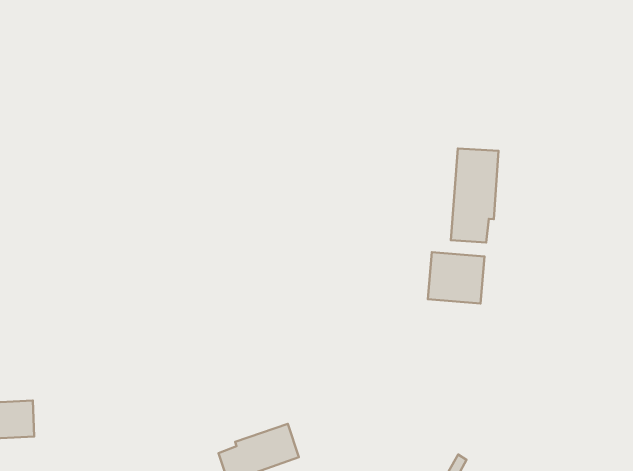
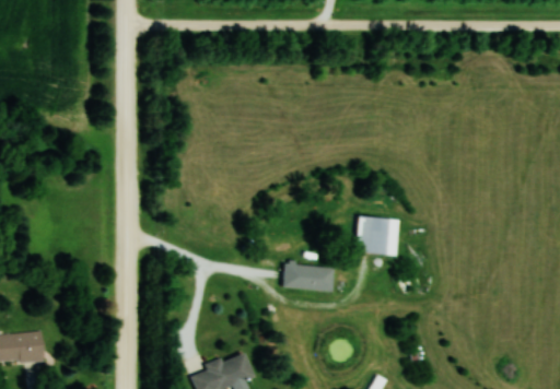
building: [451,148,499,242] -> none
building: none -> [284,263,335,292]

